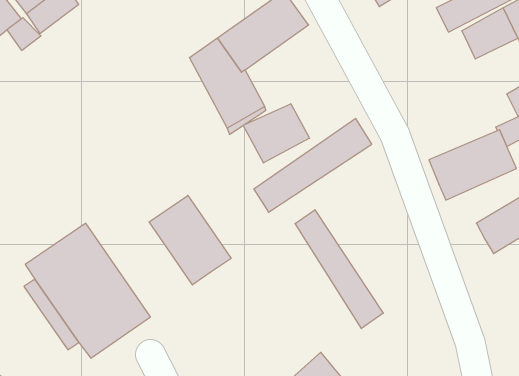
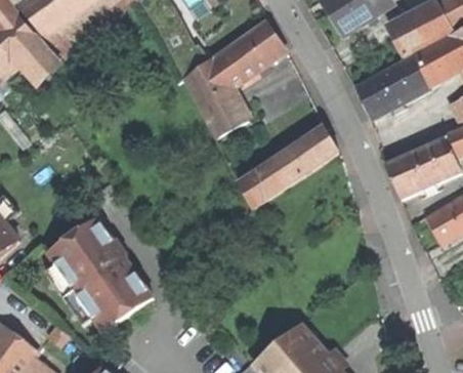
building: none -> [355,54,429,118]
building: [243,104,310,163] -> none
building: [149,195,231,285] -> none
building: [295,210,383,329] -> none

